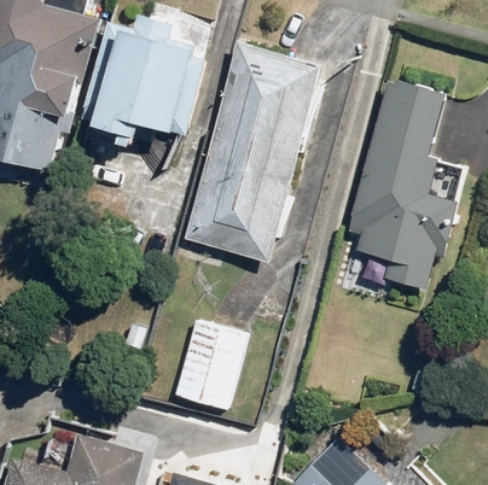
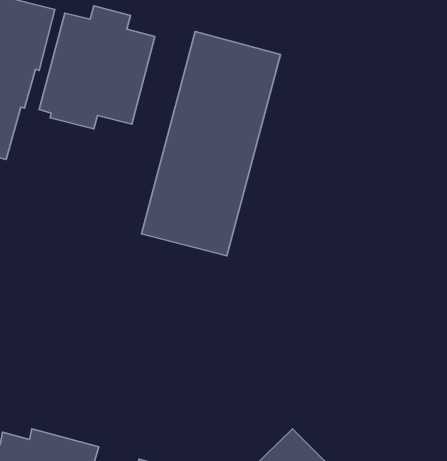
building: [345,81,458,292] -> none
building: [173,320,248,413] -> none

